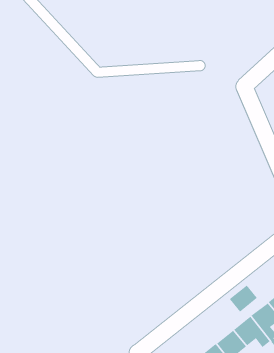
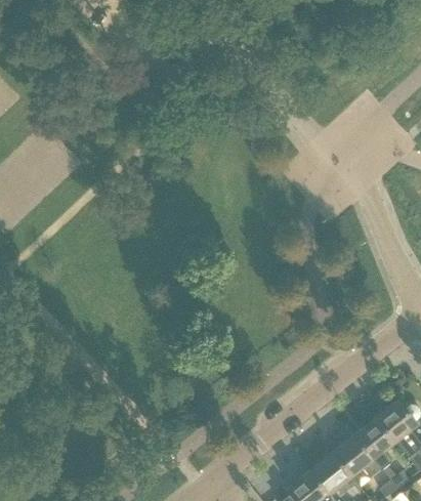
building: [228,283,259,314] -> none

